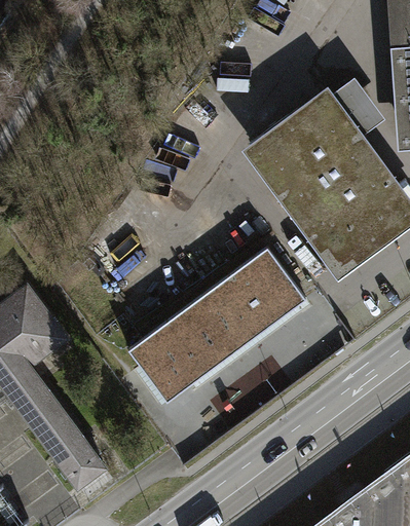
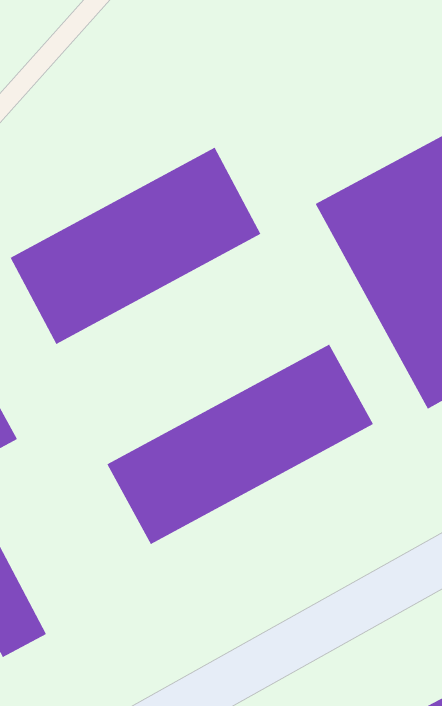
building: none -> [10,147,261,345]

